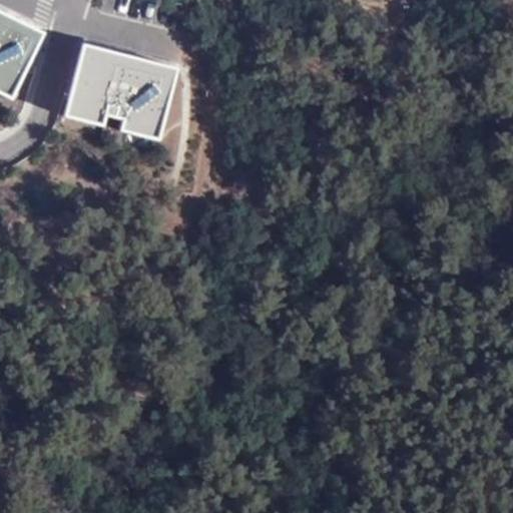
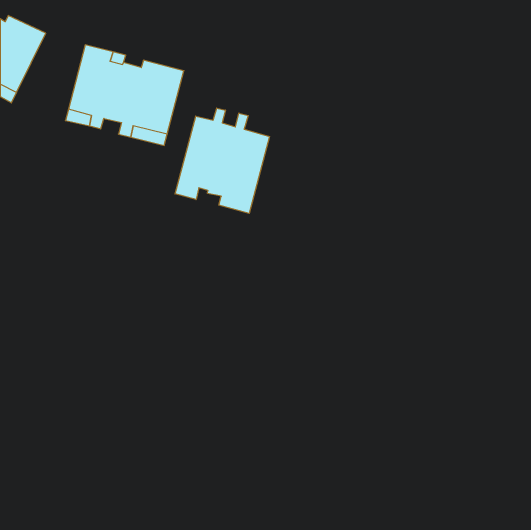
building: none -> [175,108,269,213]

